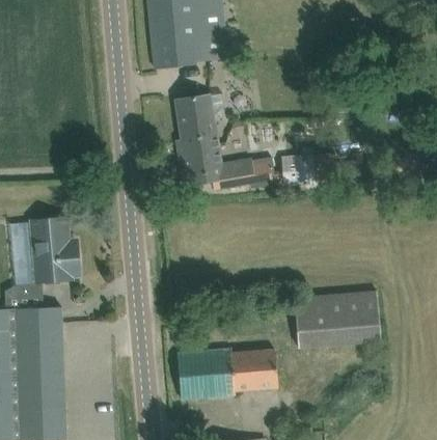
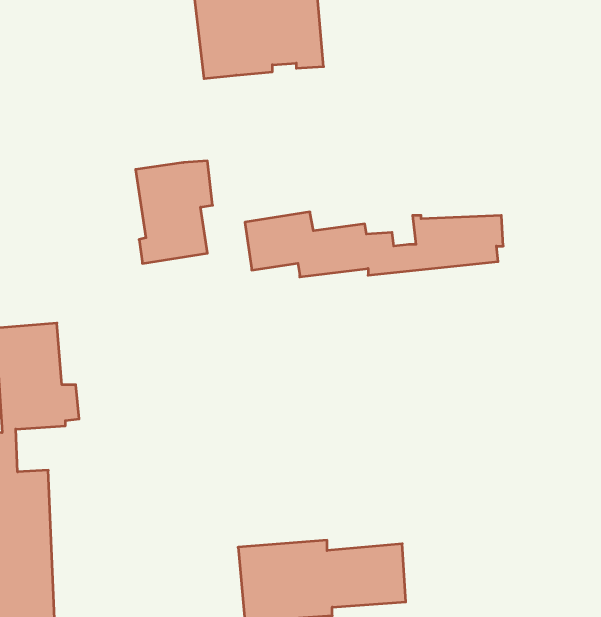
building: [175,93,222,156] -> [136,161,213,263]
building: [293,290,380,348] -> none

